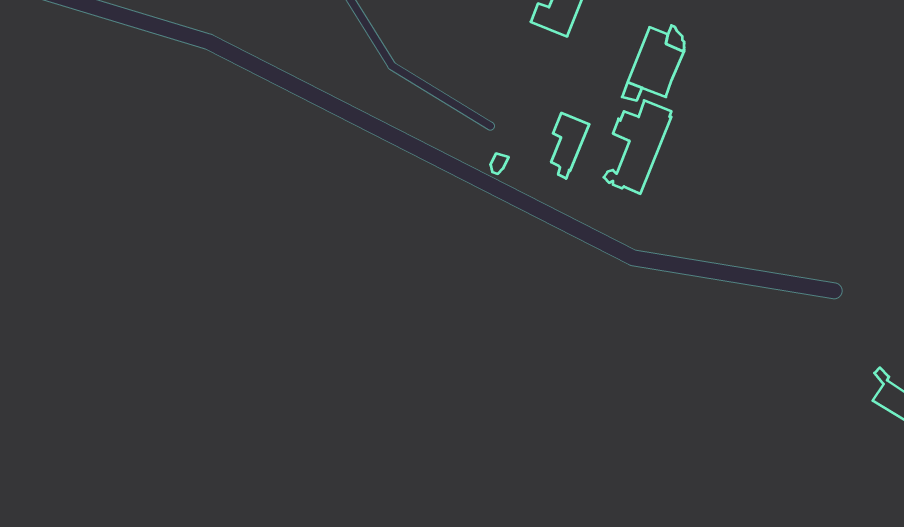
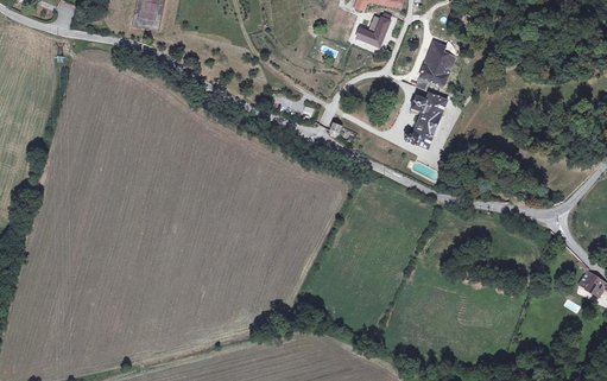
building: [551,113,589,179] -> none

